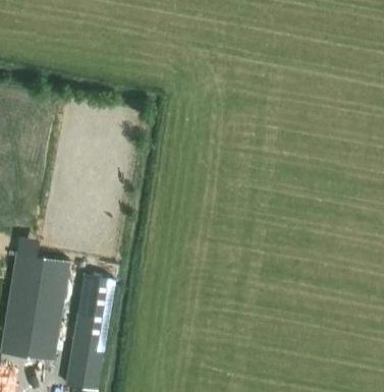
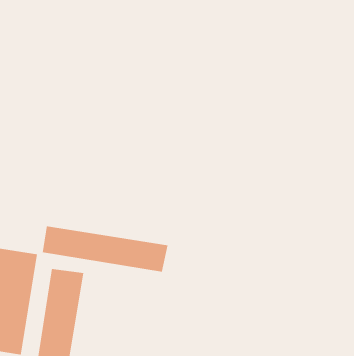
building: none -> [42,226,168,273]

